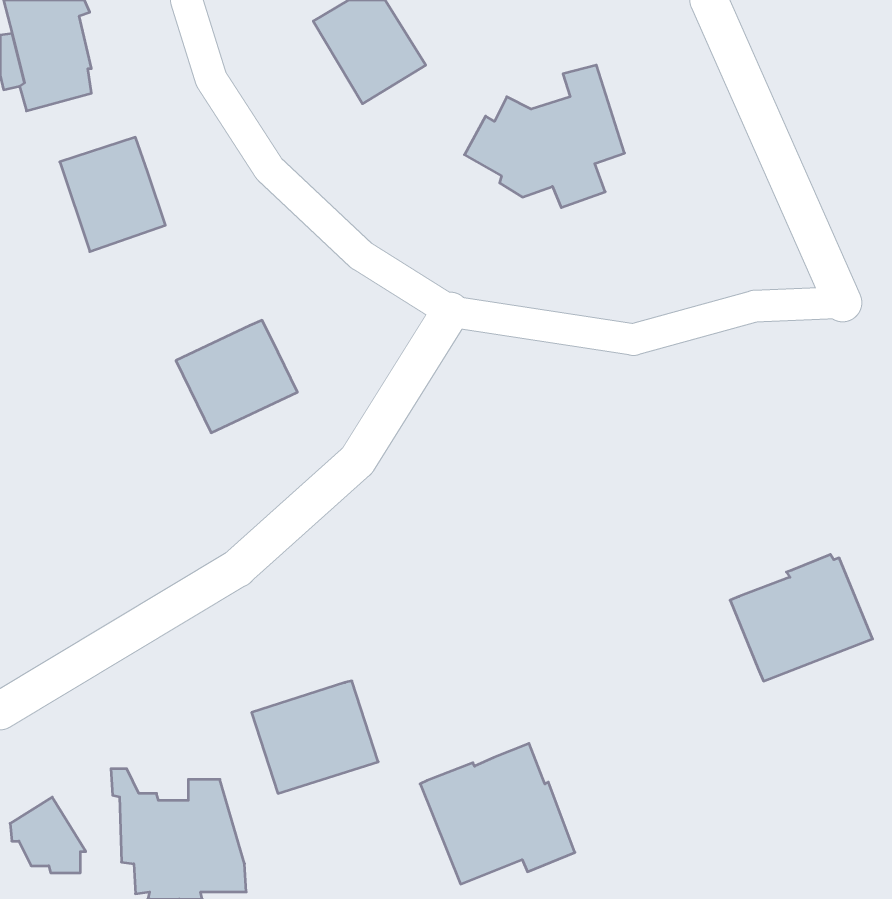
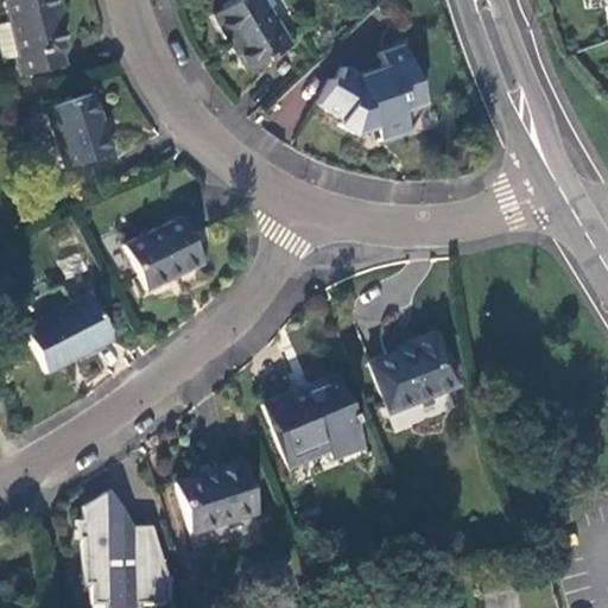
building: none -> [24,292,115,376]
building: [730,554,873,681] -> [367,330,463,416]
building: [420,743,575,884] -> [262,375,367,470]
building: [10,797,86,873] -> [84,489,135,540]

